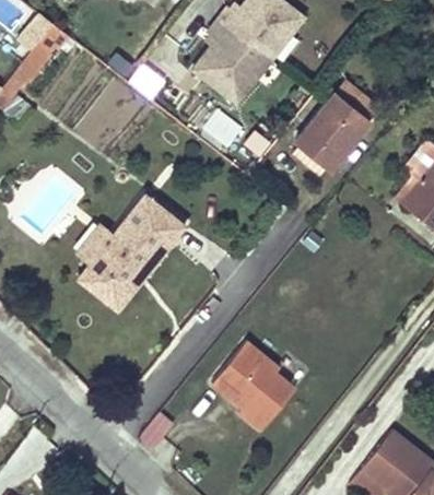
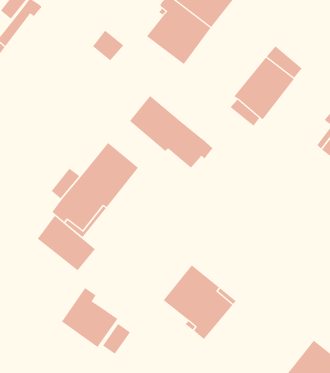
building: none -> [129,95,213,169]
building: none -> [37,215,96,271]
building: none -> [61,287,118,348]

